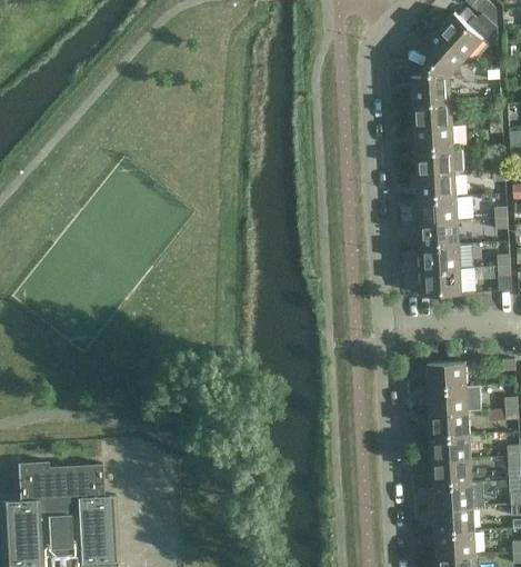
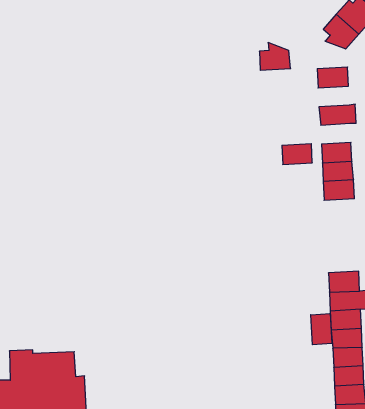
building: [412,66,452,101] -> [259,43,291,70]
building: [414,123,454,150] -> none
building: [418,171,457,198] -> [282,144,312,164]
building: [422,268,462,295] -> none
building: none -> [311,313,332,345]

